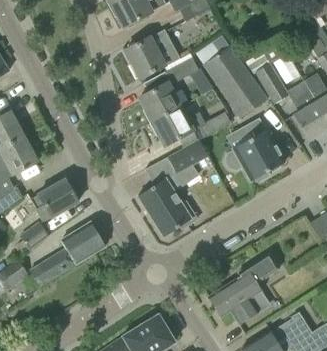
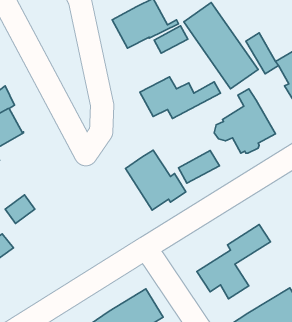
building: [139,82,181,121] -> none
building: [168,140,208,172] -> [179,150,219,183]
building: [30,179,78,222] -> none
building: [30,222,105,285] -> none

